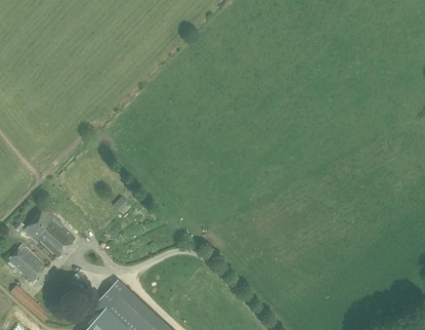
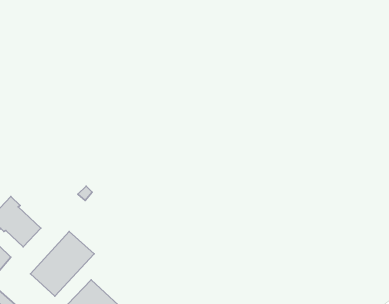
building: none -> [31,231,94,296]

